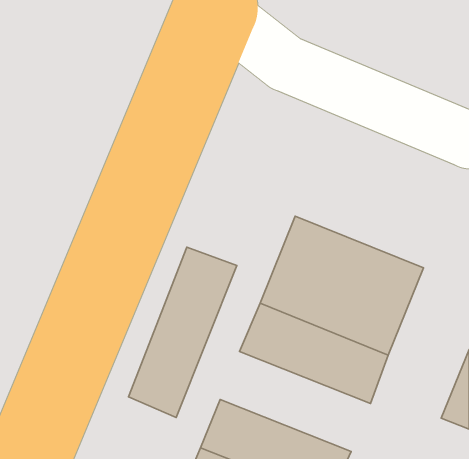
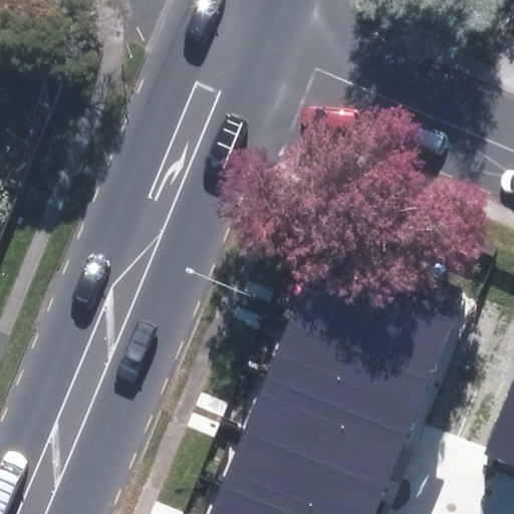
building: [128,247,237,418] -> none
building: none -> [238,397,401,505]

